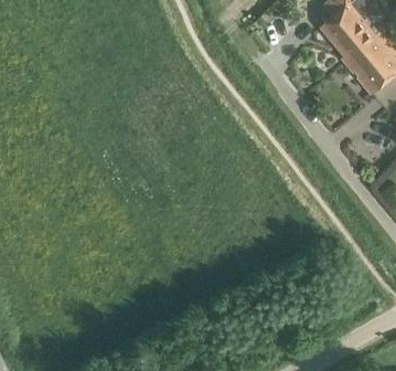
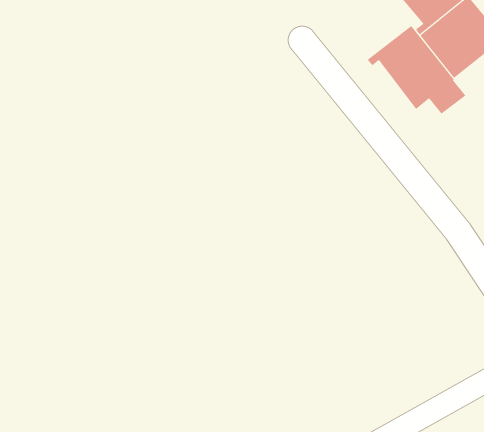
building: none -> [367,25,466,114]

